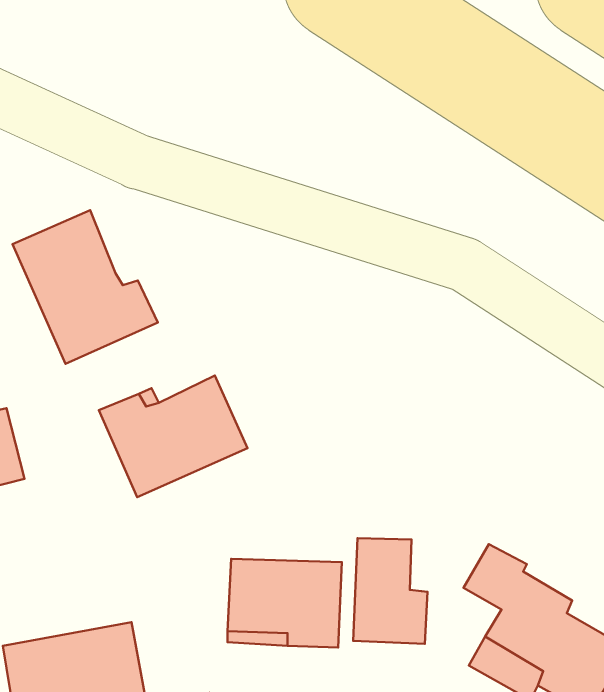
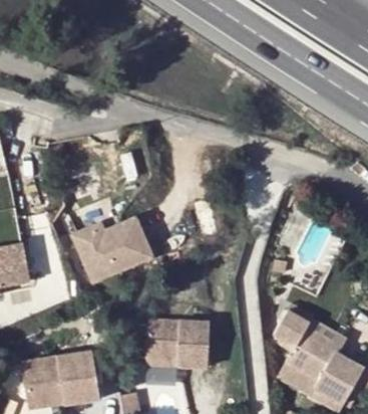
building: [13,210,158,364] -> none
building: [353,538,428,644] -> none

